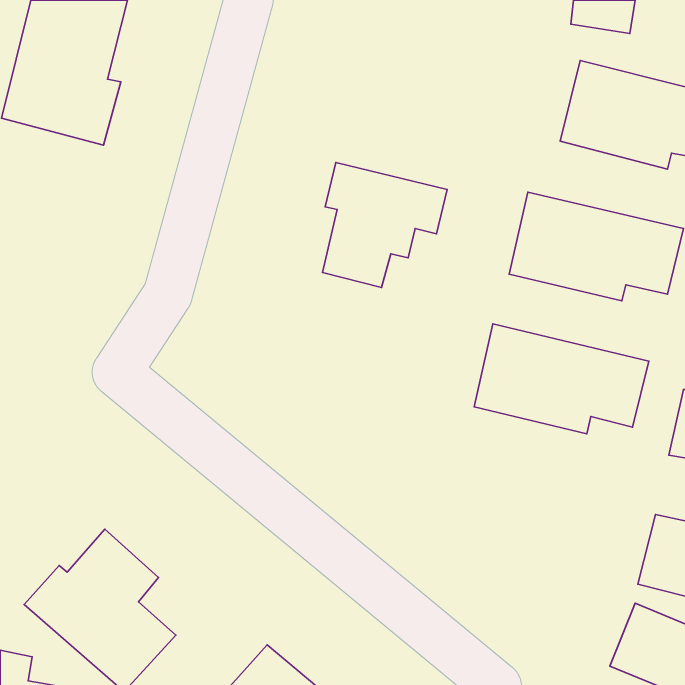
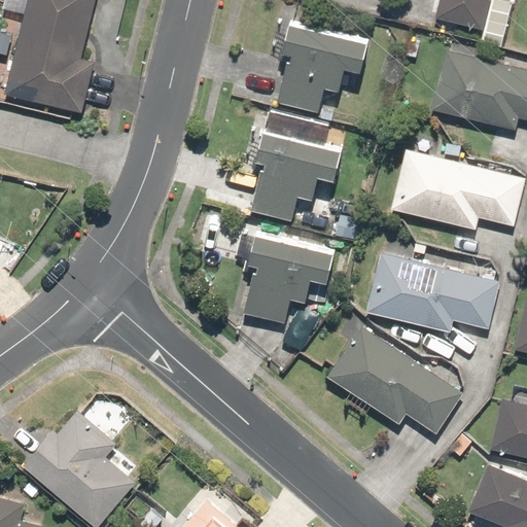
building: none -> [276,22,371,111]
building: none -> [243,236,333,325]
building: none -> [326,324,462,432]

